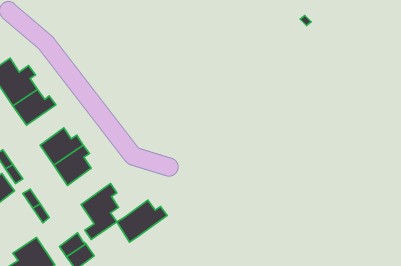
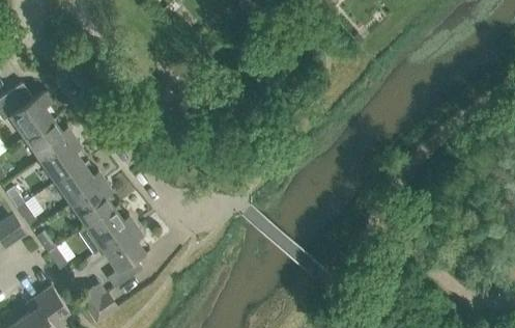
building: none -> [40,136,83,182]
building: [117,200,167,242] -> [79,208,136,255]

